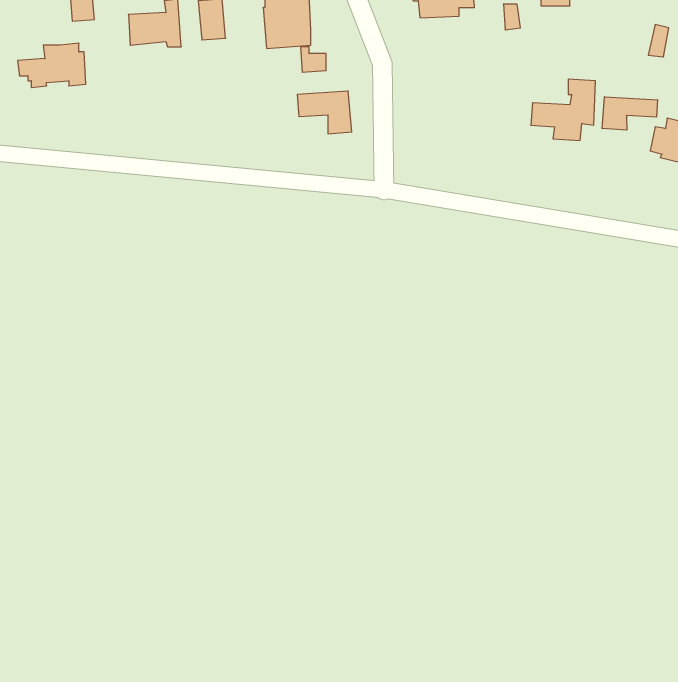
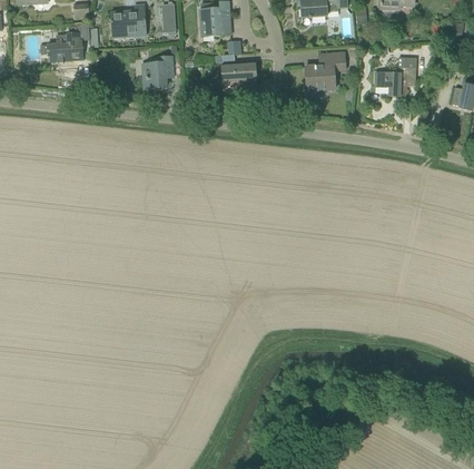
building: none -> [305,51,345,90]
building: none -> [142,56,174,88]
building: [602,97,658,130] -> none

